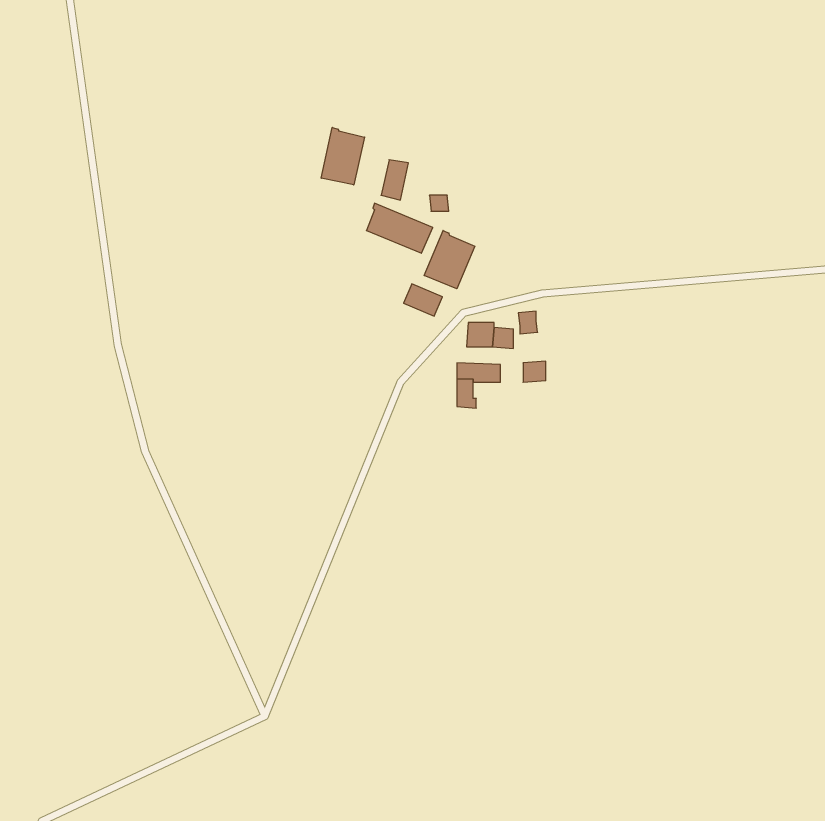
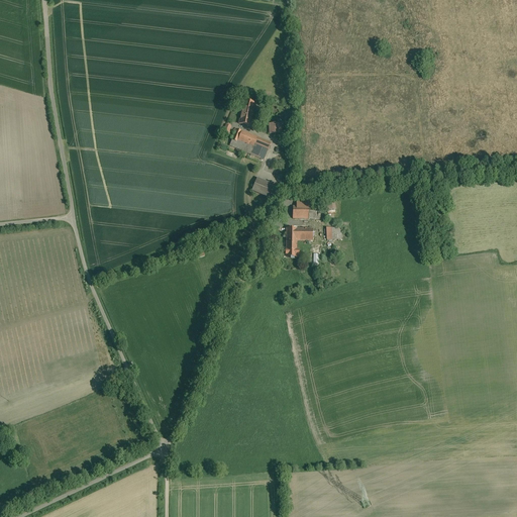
building: [321,127,365,185] -> none
building: [424,230,475,289] -> none

